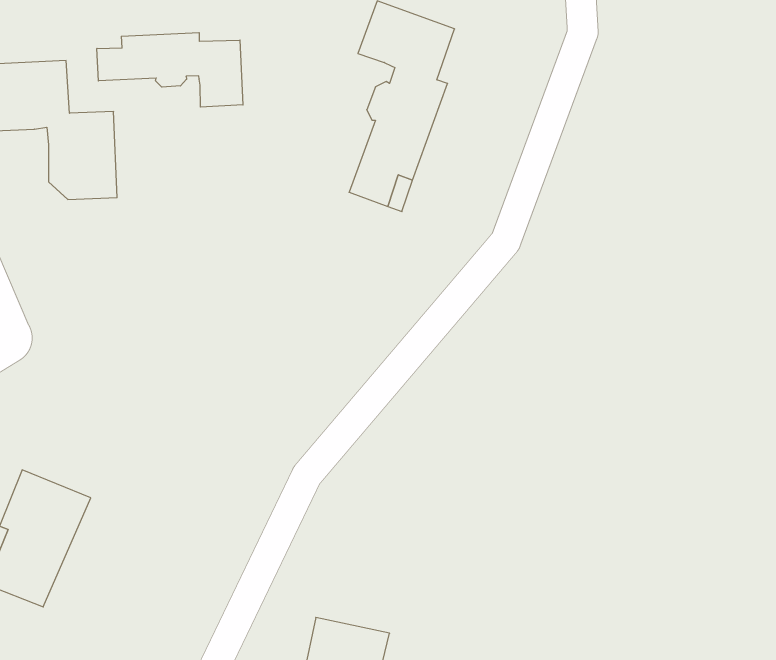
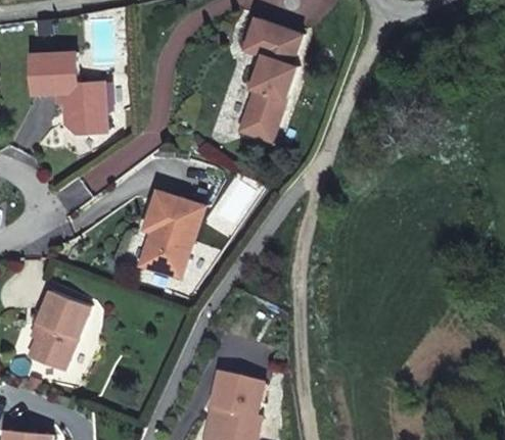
building: [97,33,243,107] -> none
building: none -> [129,189,193,277]

